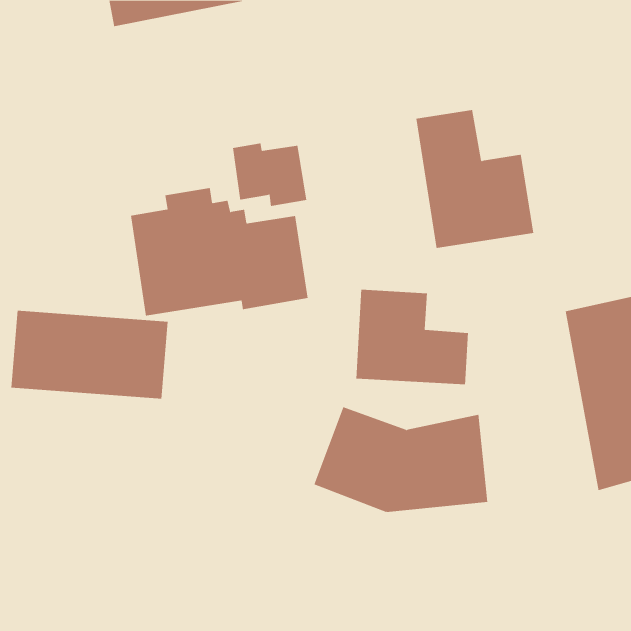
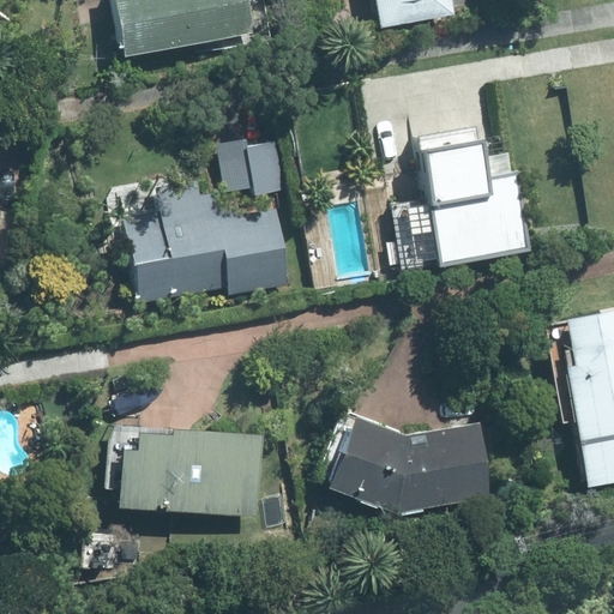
building: [356,289,468,385] -> none
building: [11,310,169,399] -> [108,420,257,504]

